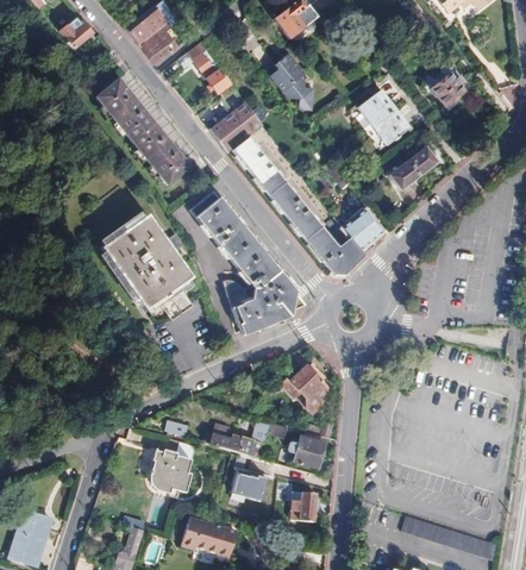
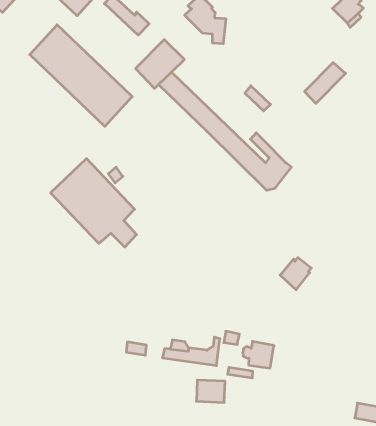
building: [357,89,407,144] -> none
building: [192,199,308,338] -> none
building: [340,211,381,248] -> none
building: [290,363,325,397] -> [280,258,311,290]
building: [151,449,190,491] -> none
building: [292,486,317,515] -> none

